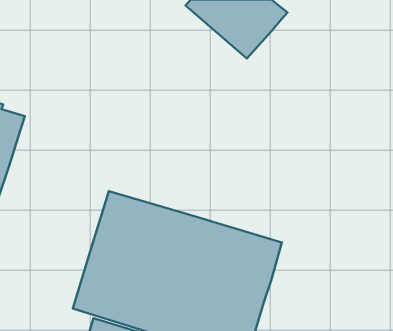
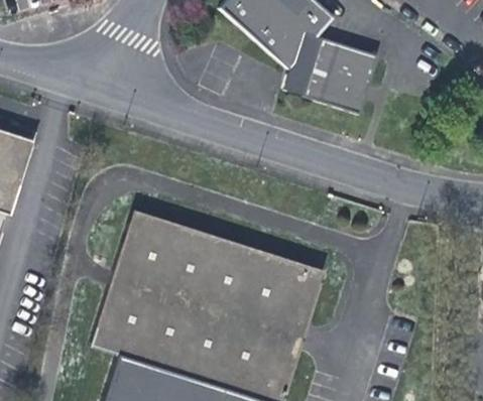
building: none -> [282,36,372,112]

